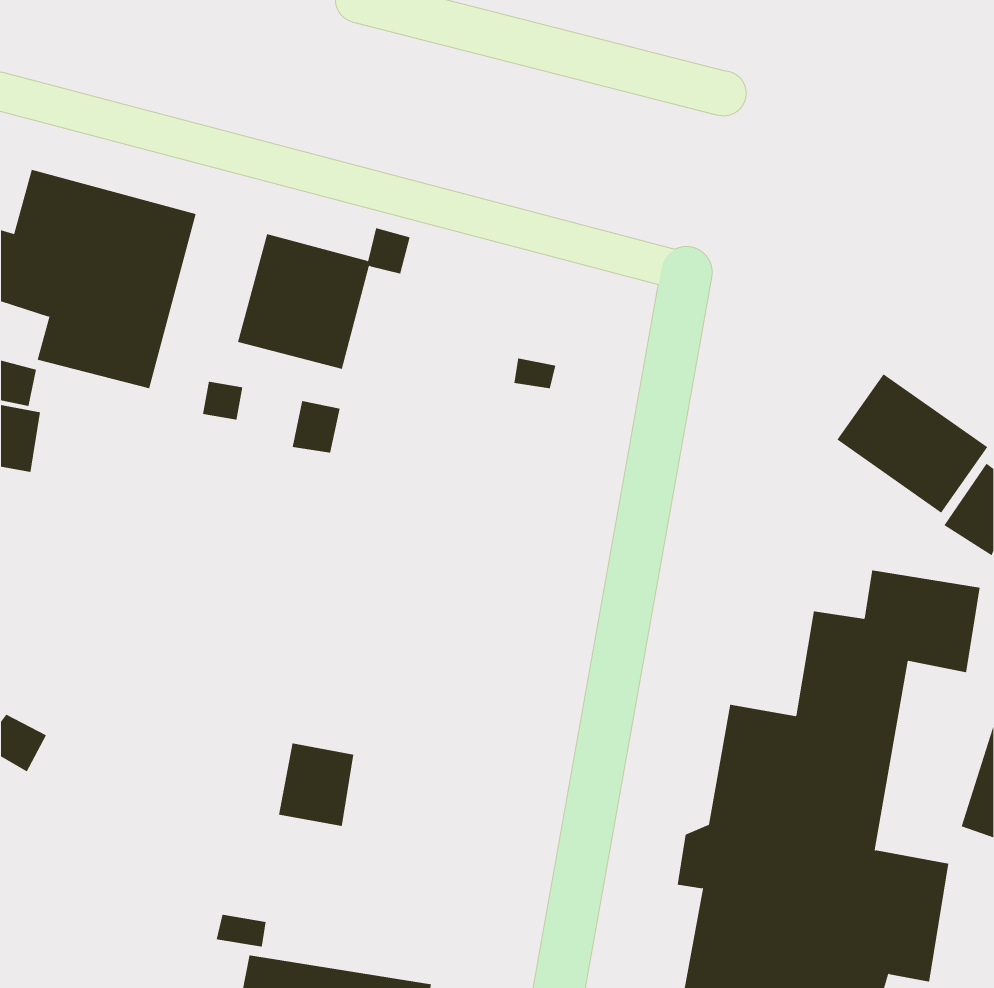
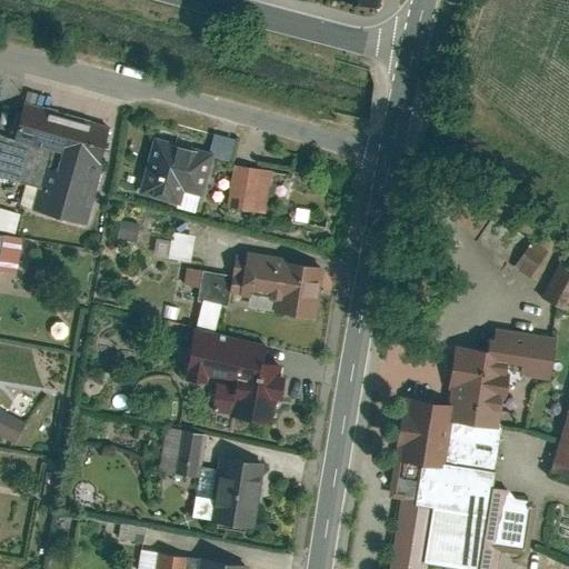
building: none -> [226,164,274,218]
building: none -> [183,249,323,330]
building: none -> [182,331,283,422]
building: none -> [191,456,263,528]

